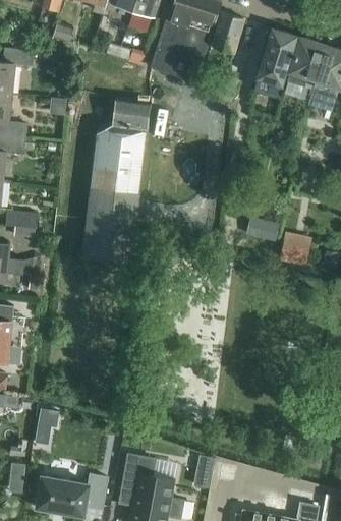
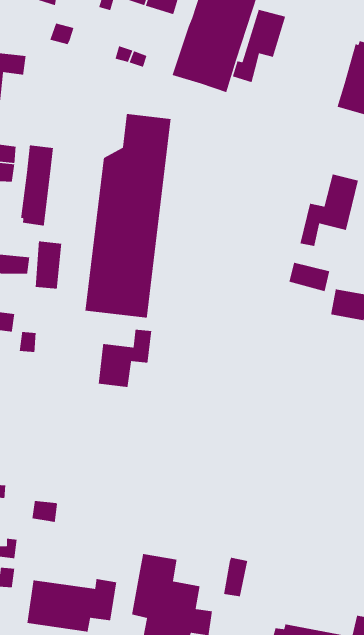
building: [257,28,297,85] -> none
building: none -> [20,145,54,226]
building: none -> [299,174,359,247]
building: none -> [35,241,62,290]
building: none -> [98,329,152,388]

